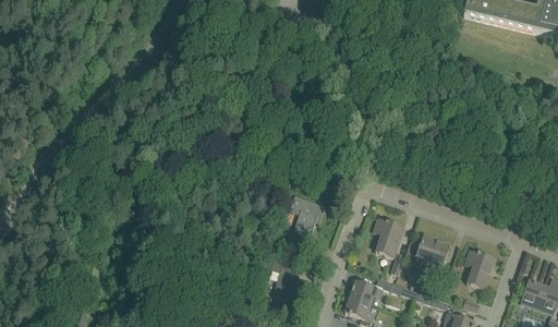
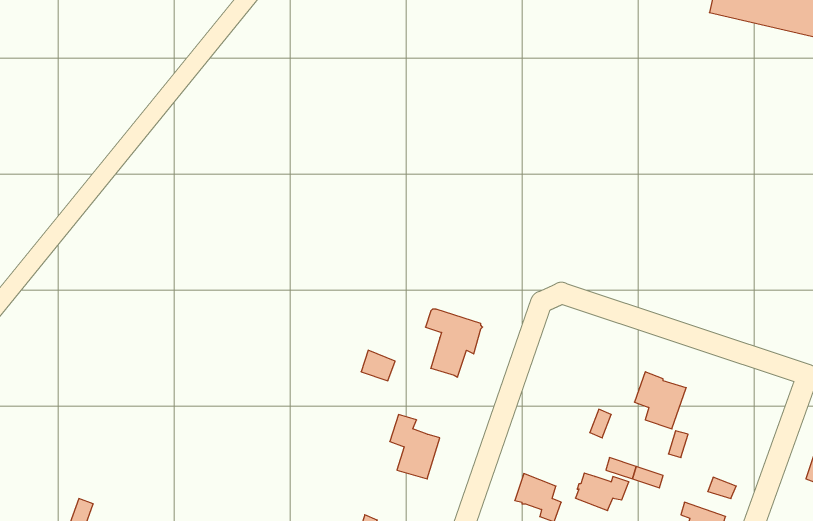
building: [374,218,403,256] -> none
building: [465,250,495,288] -> none
building: [350,280,383,303] -> [575,473,629,511]

